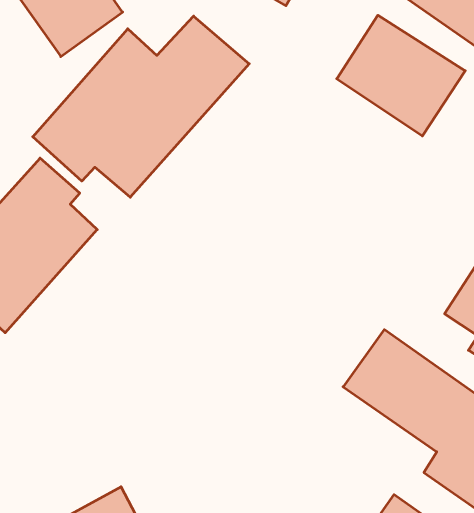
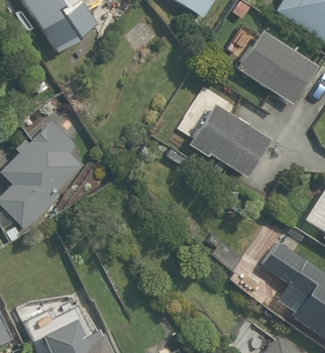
building: [33,16,249,197] -> none
building: none -> [180,86,269,179]

